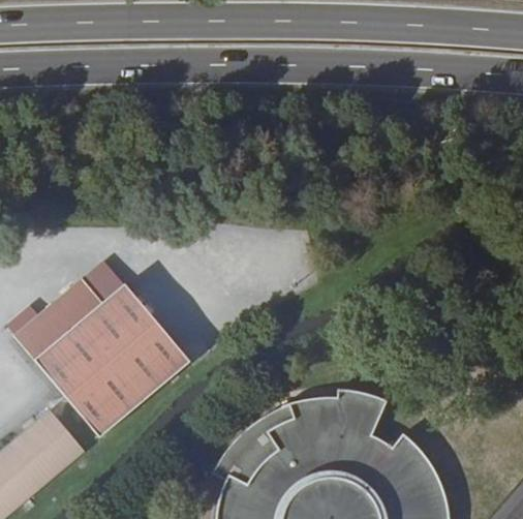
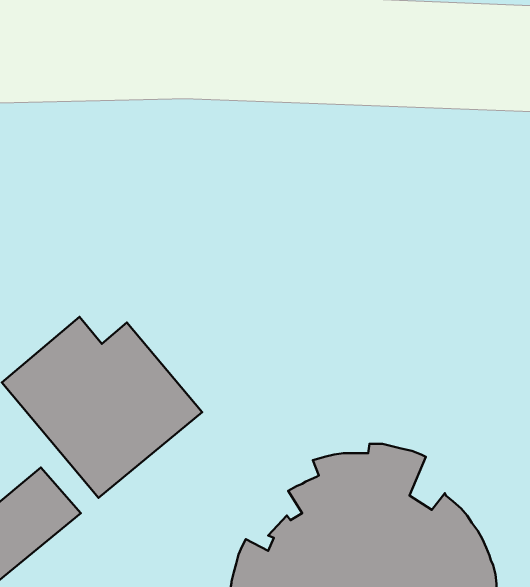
building: [82,262,123,303] -> none
building: [211,405,291,485] -> none

